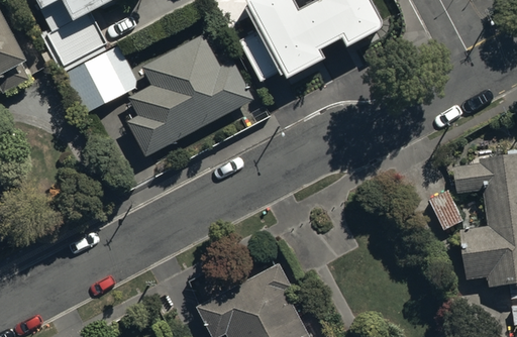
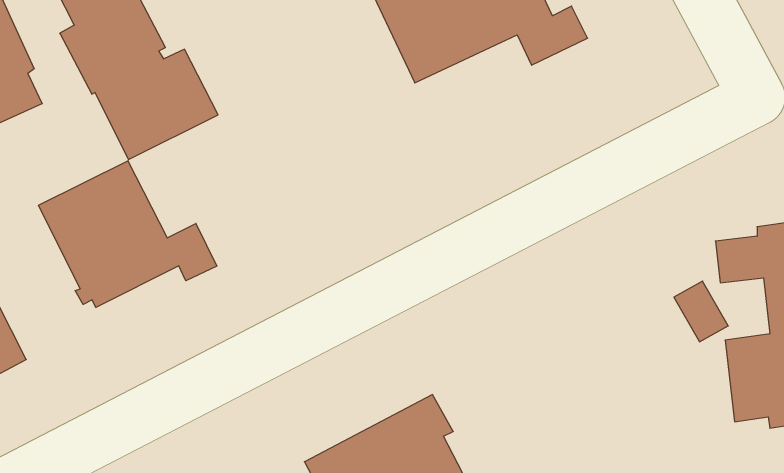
building: [127,33,252,156] -> none
building: none -> [39,161,217,307]

